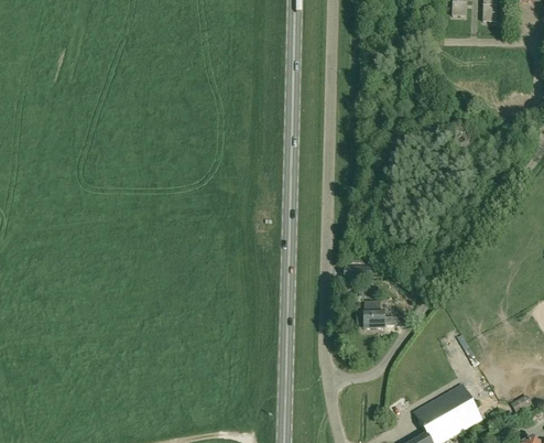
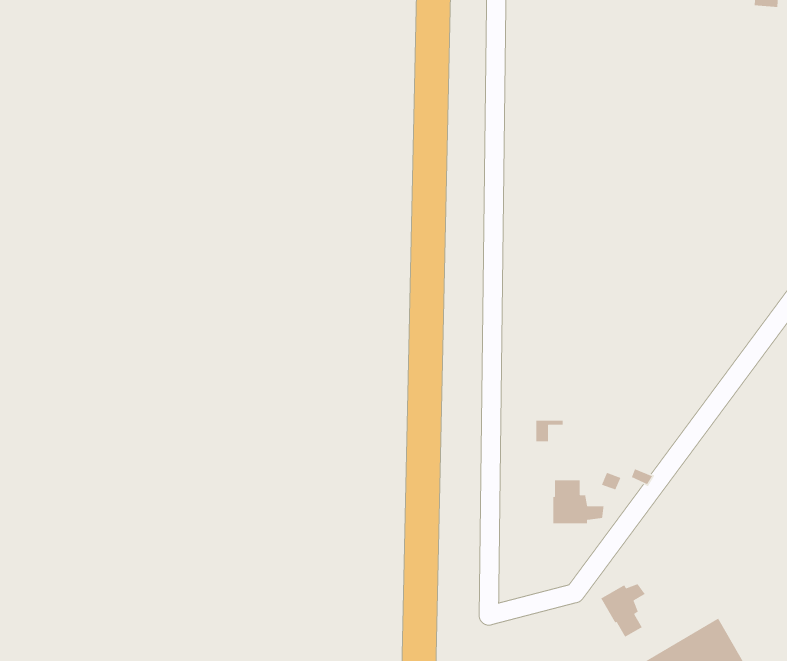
building: none -> [600,583,646,638]

